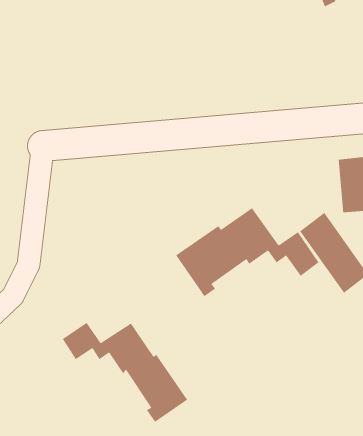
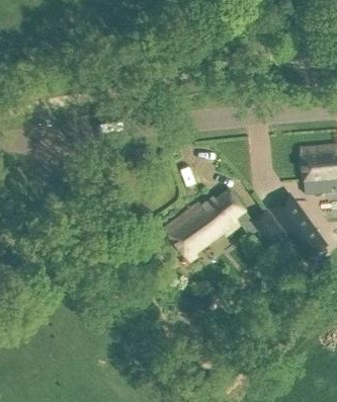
building: [62,322,188,423] -> none

